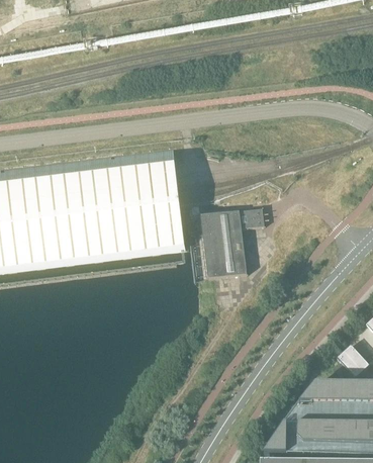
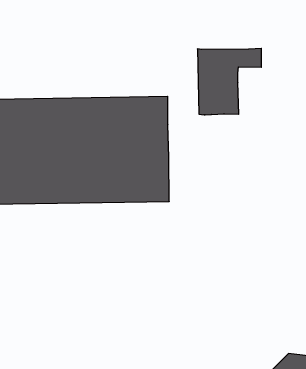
building: [200,211,264,281] -> [197,48,261,115]

